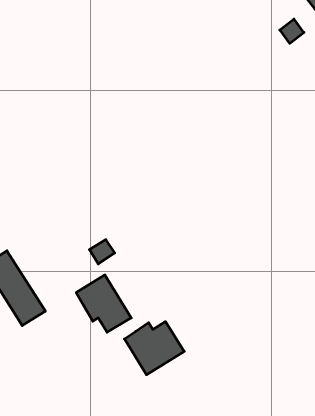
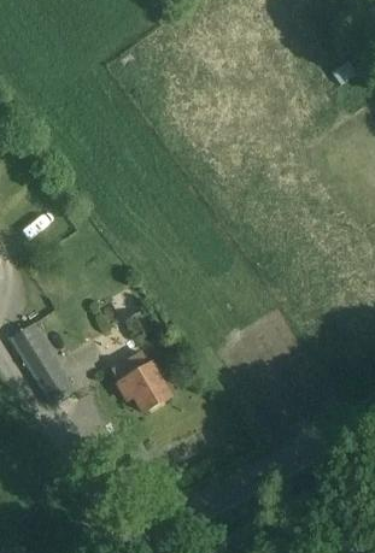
building: [124,322,184,375] -> none

